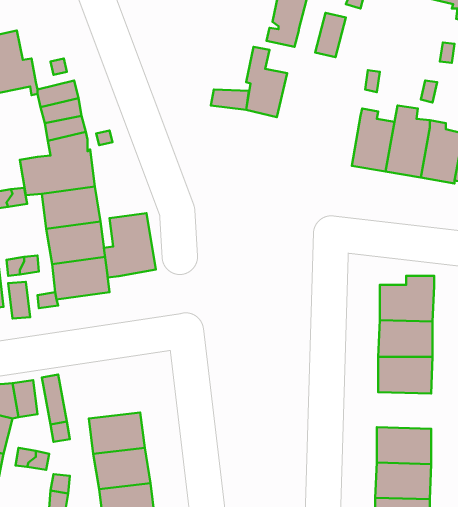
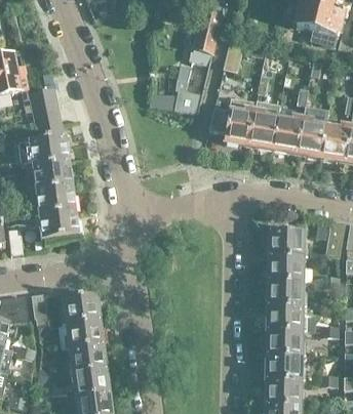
building: none -> [207,97,256,146]
building: [104,213,156,278] -> none
building: none -> [62,292,101,322]
building: none -> [266,303,304,329]

